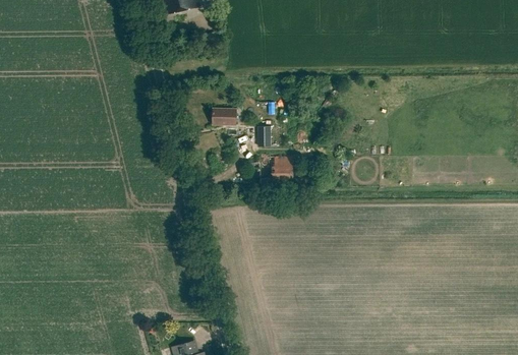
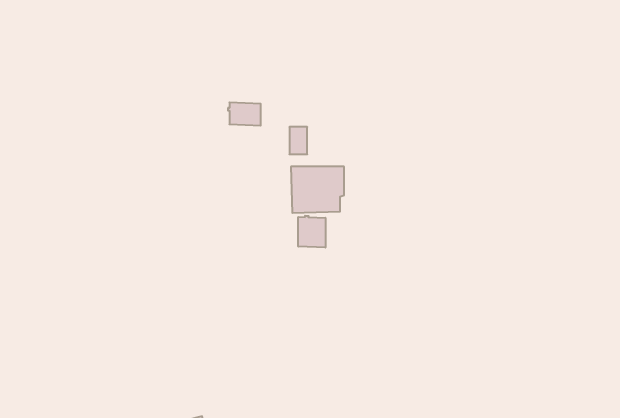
building: none -> [298,216,325,248]

